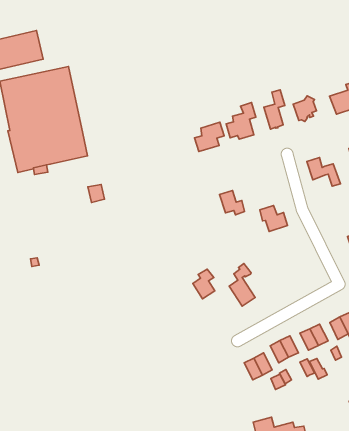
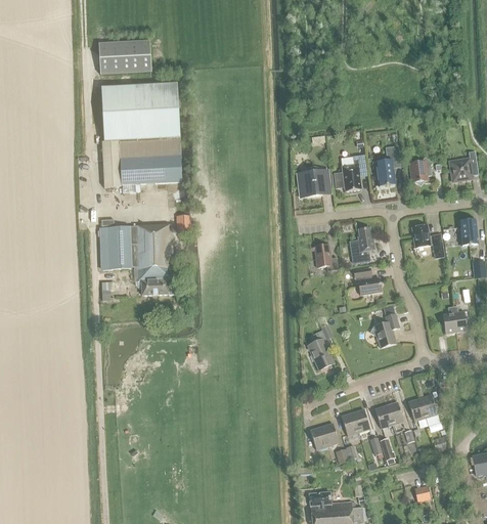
building: none -> [350,226,374,262]
building: none -> [100,224,174,294]
building: none -> [370,304,399,347]
building: [193,269,215,299] -> none

